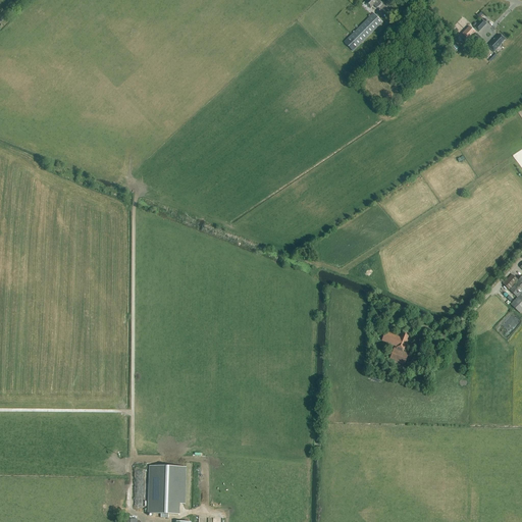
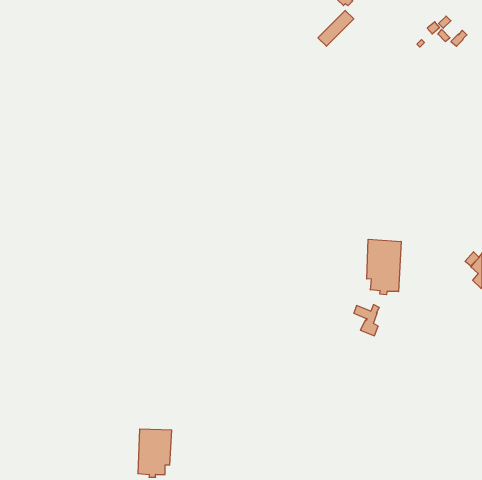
building: none -> [367,239,401,295]

